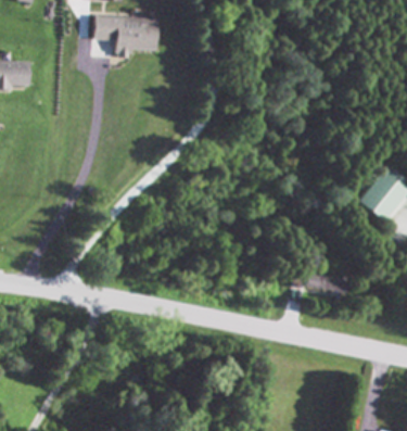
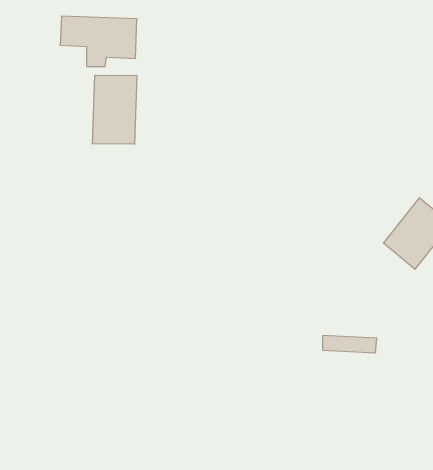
building: none -> [92,75,137,144]

